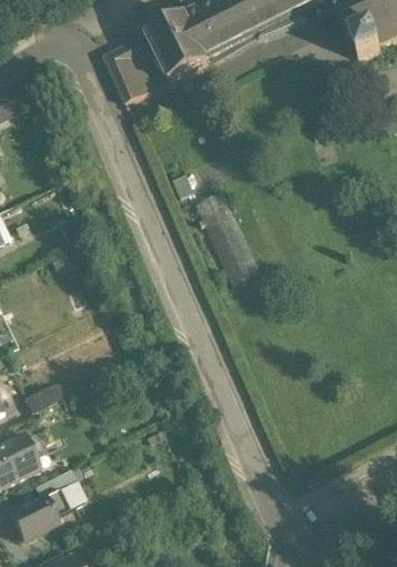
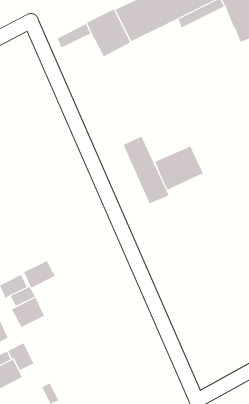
building: [111,52,155,100] -> none
building: none -> [154,146,203,190]
building: none -> [23,260,56,288]
building: none -> [11,297,45,328]

